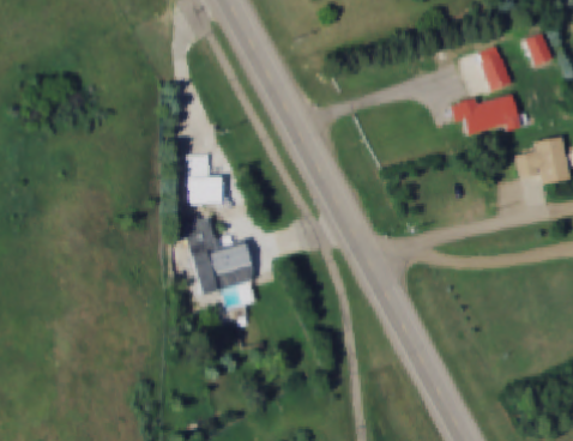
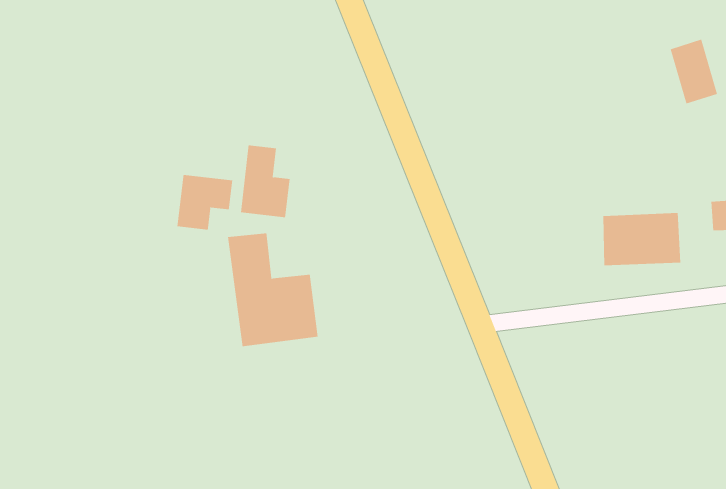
building: [460,93,519,137] -> [602,213,681,266]
building: none -> [177,174,233,231]

